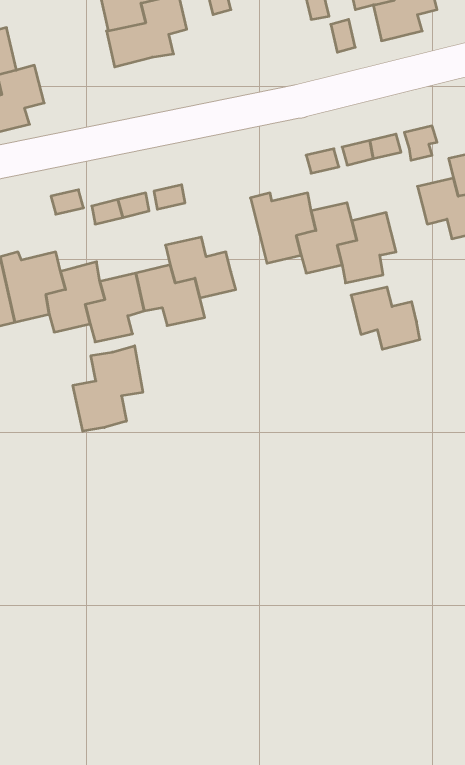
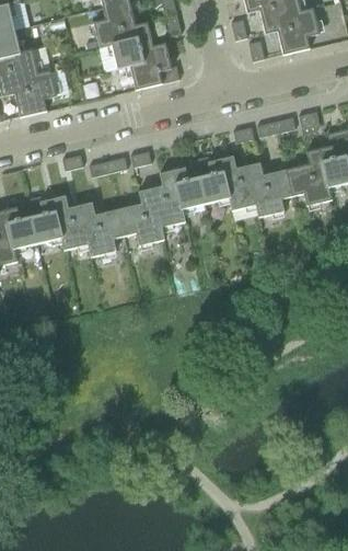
building: none -> [129,43,179,89]
building: none -> [160,159,206,208]
building: [351,287,420,349] -> [286,163,332,205]
building: [73,346,143,431] -> none

